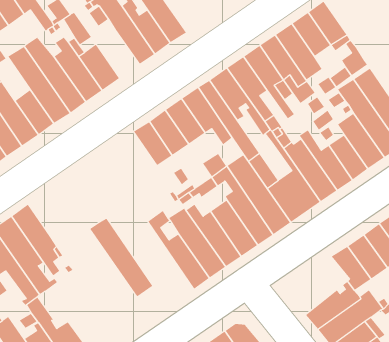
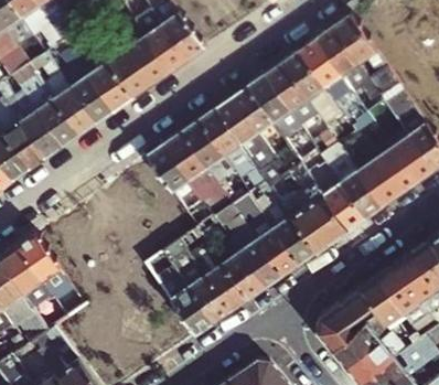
building: none -> [107,47,153,98]
building: [89,218,153,297] -> [143,252,212,336]
building: none -> [315,289,378,352]

